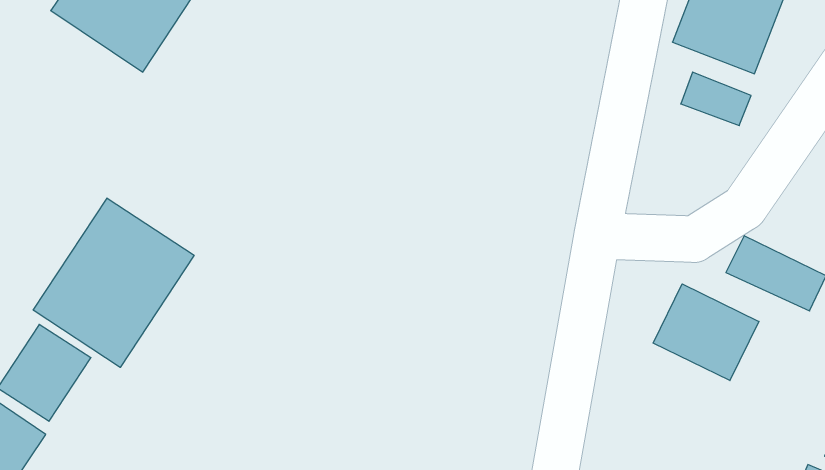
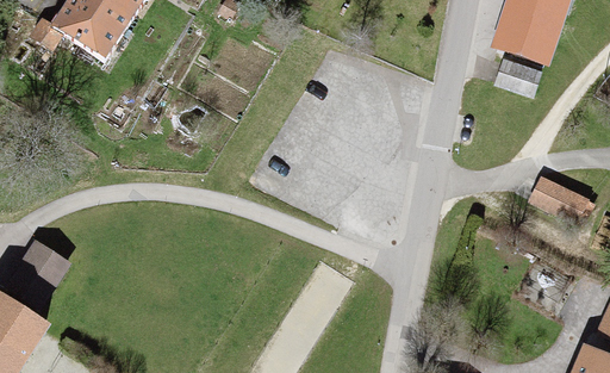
building: [33,198,194,367] -> none
building: [653,284,759,381] -> none

